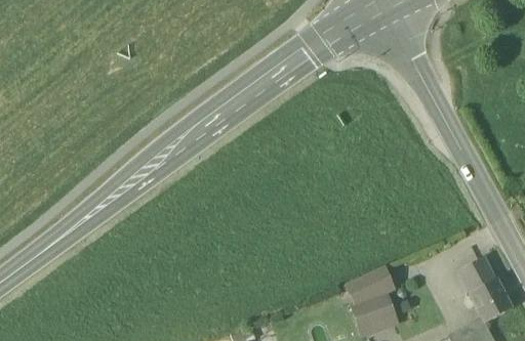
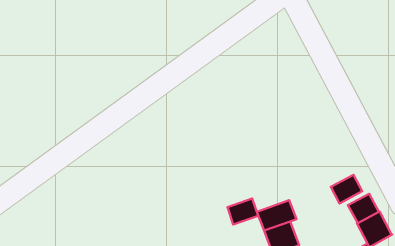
building: none -> [331,175,362,203]
building: none -> [227,199,258,224]

